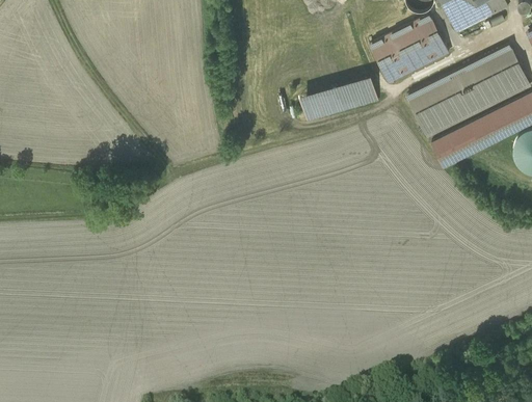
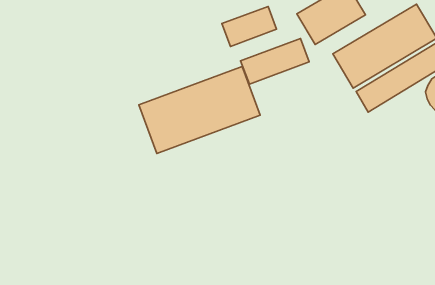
building: none -> [222,6,277,46]
building: none -> [139,67,260,153]

